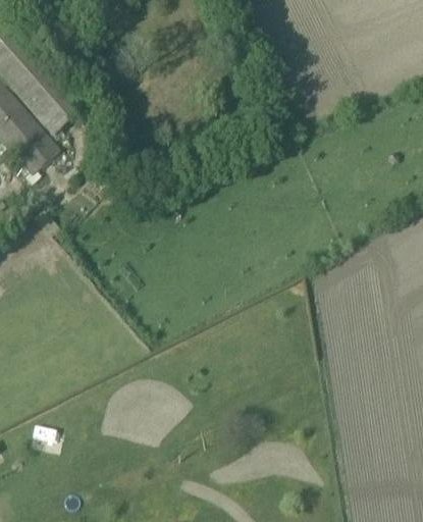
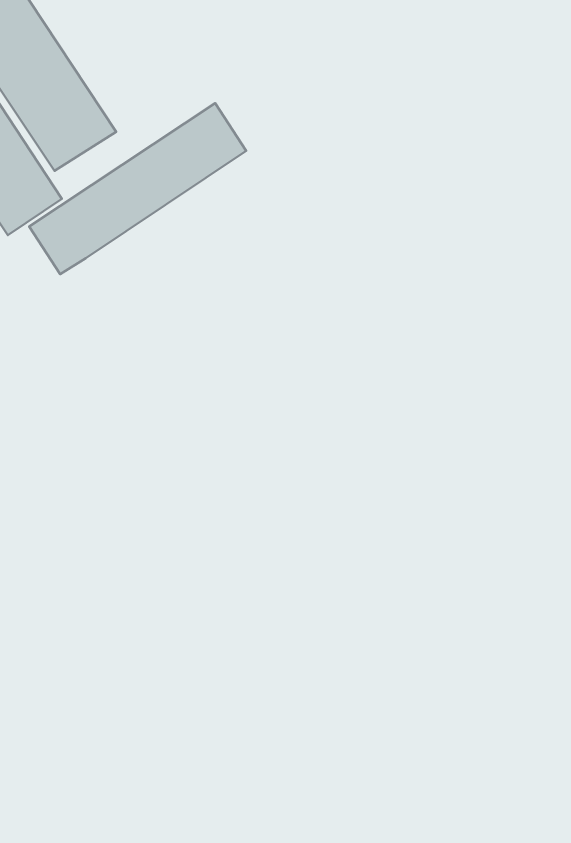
building: none -> [29,103,246,274]

